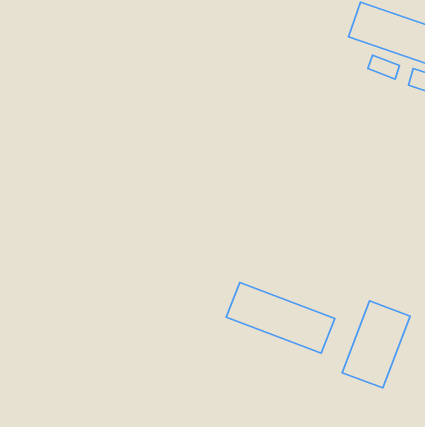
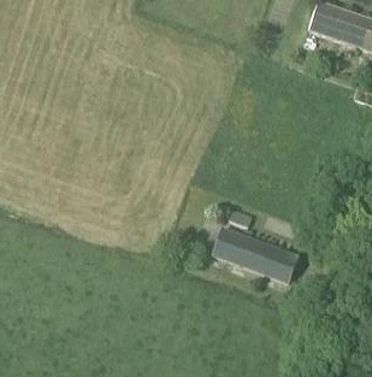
building: [342,301,410,388] -> none

